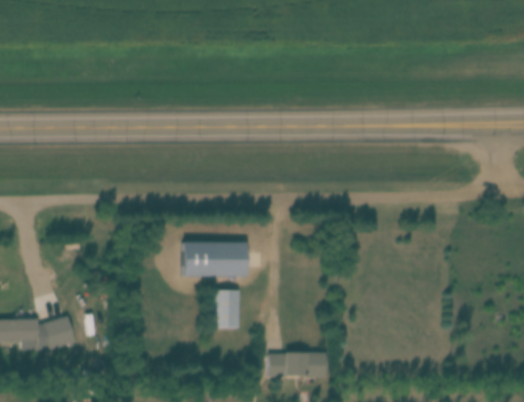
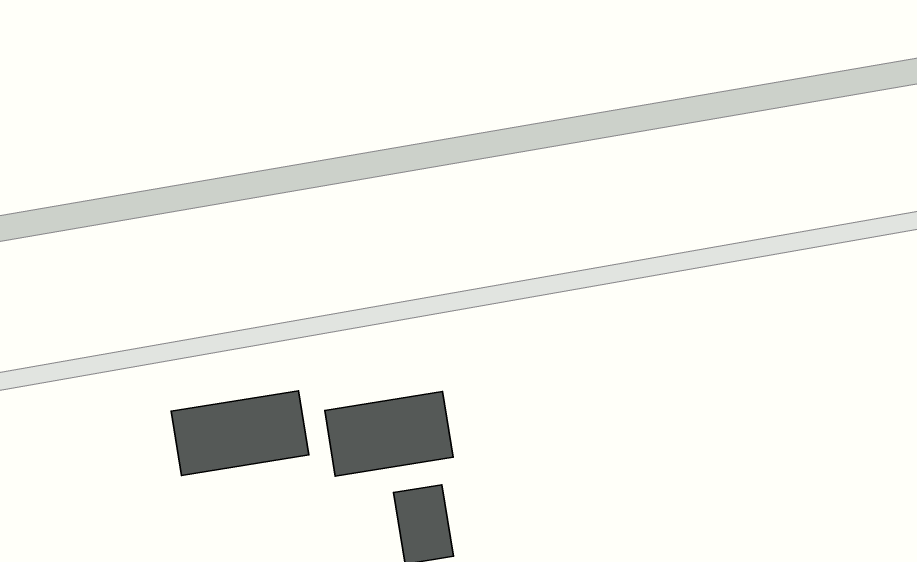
building: none -> [171,391,309,475]

